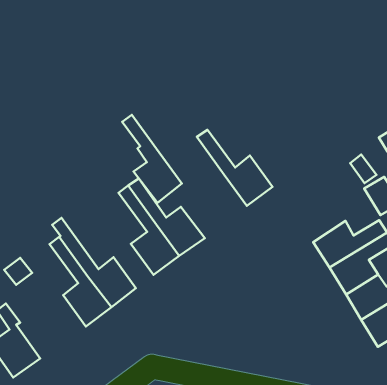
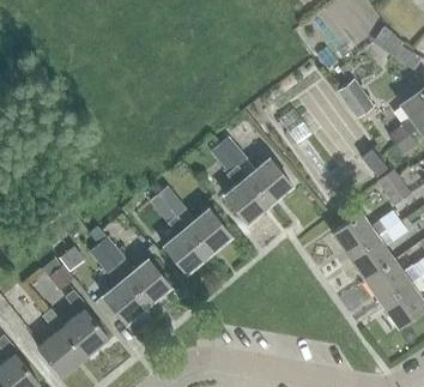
building: none -> [337,78,374,119]
building: [122,115,182,203] -> [210,143,268,223]
building: none -> [61,289,108,357]

